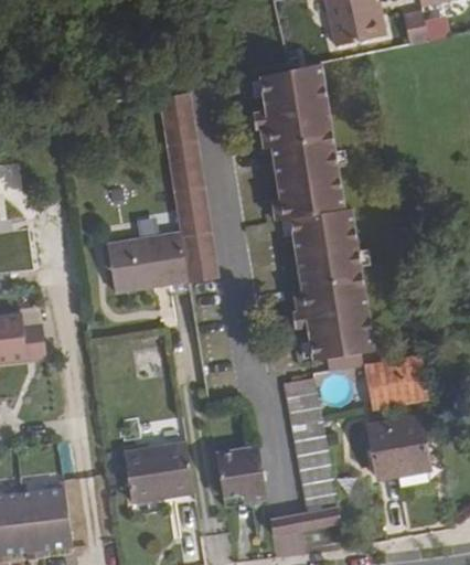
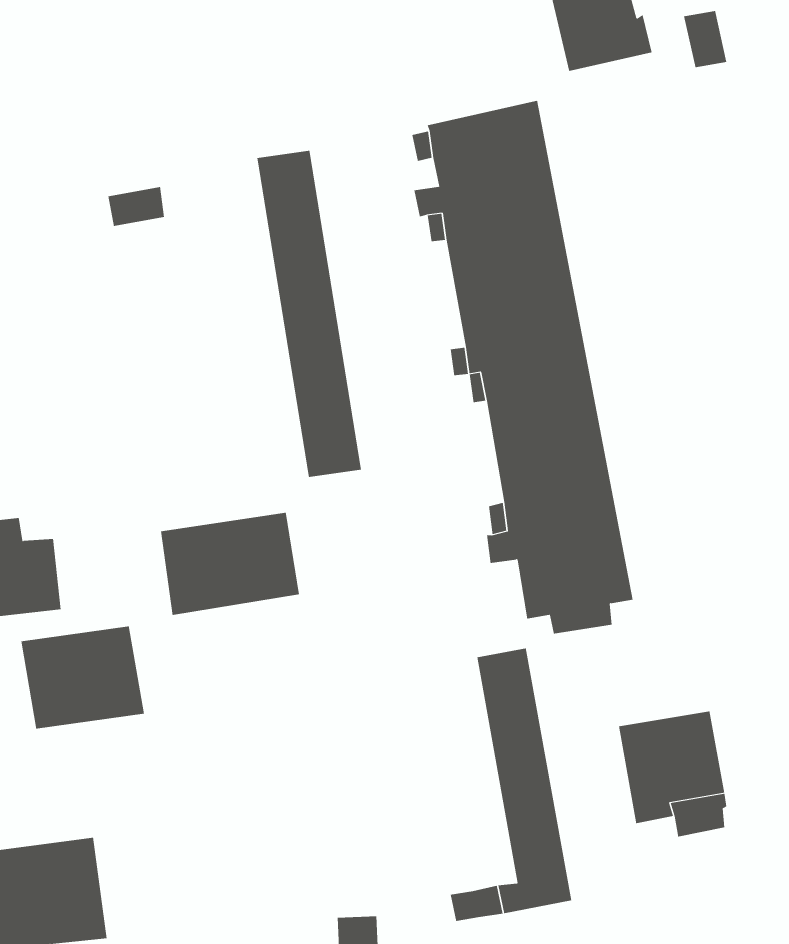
building: [107,233,188,292] -> [160,512,300,616]
building: [366,355,424,407] -> none
building: [122,443,194,502] -> [20,626,145,729]
building: [215,445,265,501] -> none

